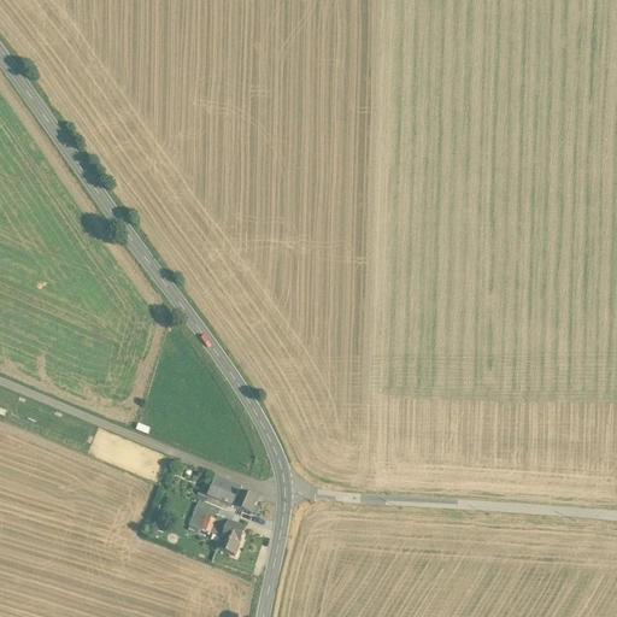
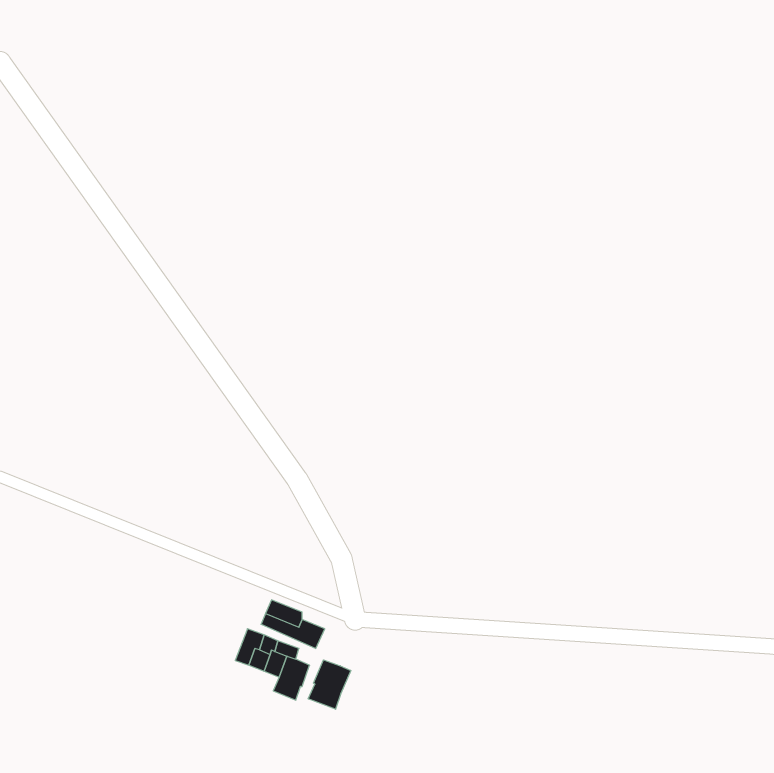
building: none -> [308,660,351,709]

